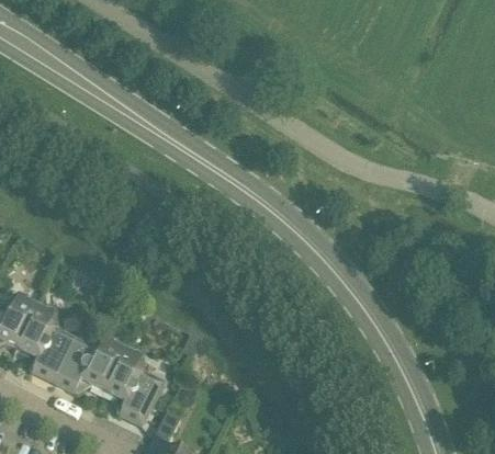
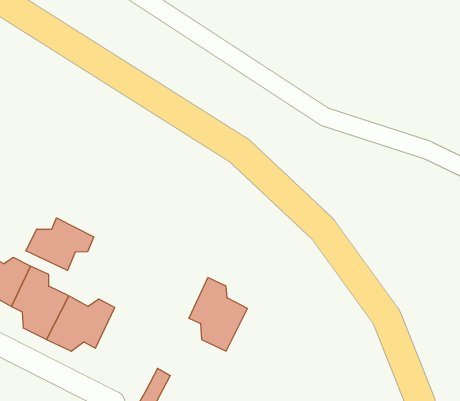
building: none -> [26,218,94,270]
building: [104,348,165,423] -> [189,278,247,351]

